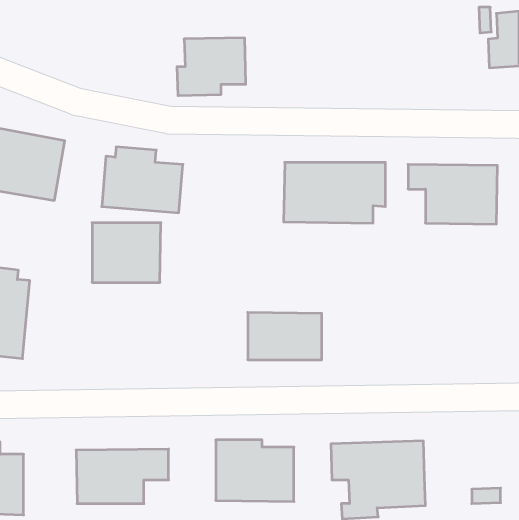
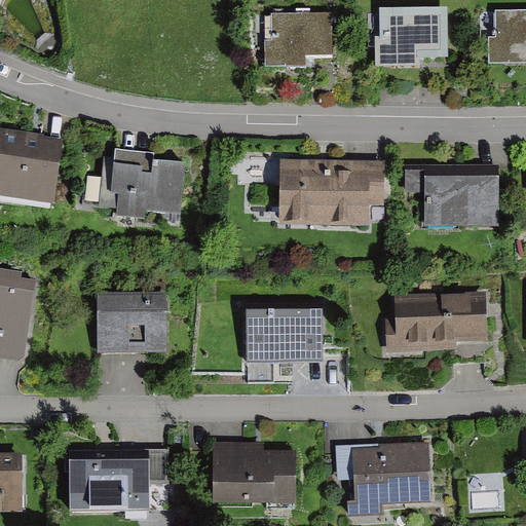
building: none -> [379,6,448,69]
building: [177,38,246,96] -> [263,12,332,70]
building: [92,223,161,282] -> [99,292,167,351]
building: none -> [384,288,486,350]

